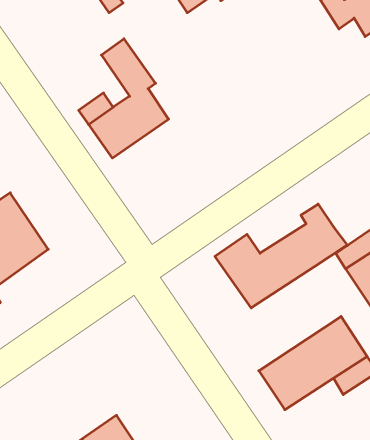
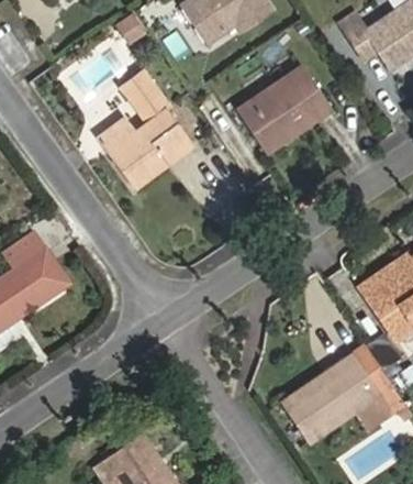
building: none -> [235,63,330,150]
building: [215,204,347,308] -> none

